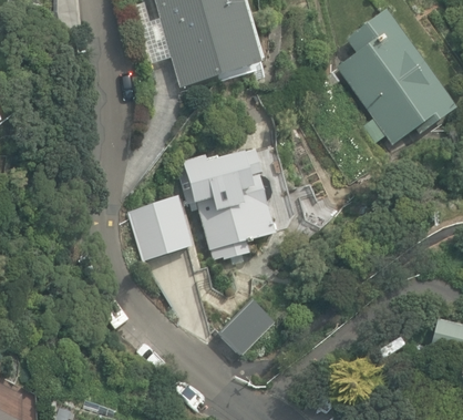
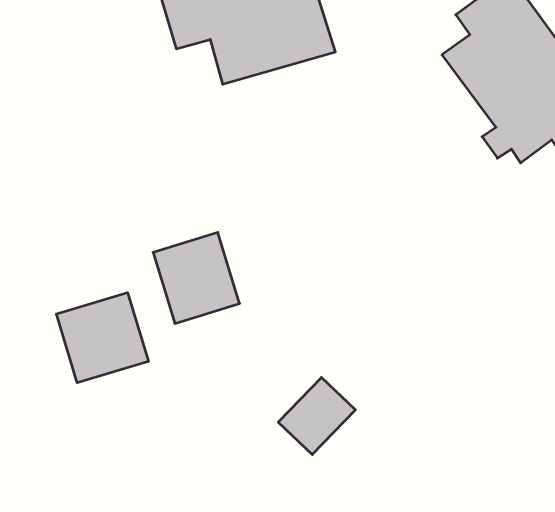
building: [184,148,276,262] -> none
building: none -> [56,293,148,383]

